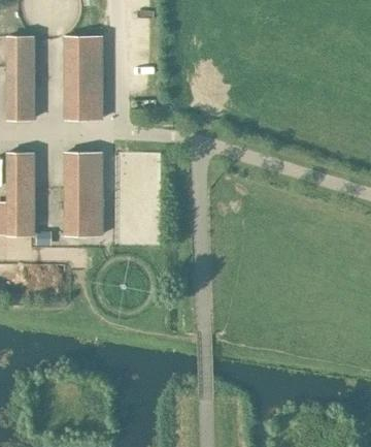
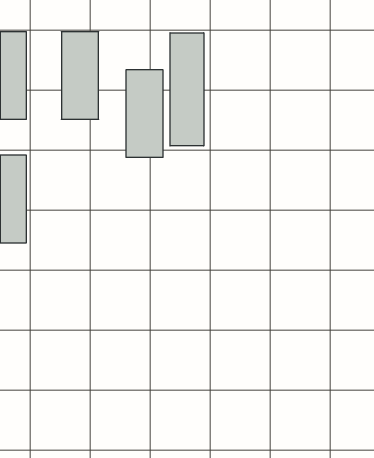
building: none -> [170,33,204,146]
building: [65,153,100,235] -> [126,70,163,157]

